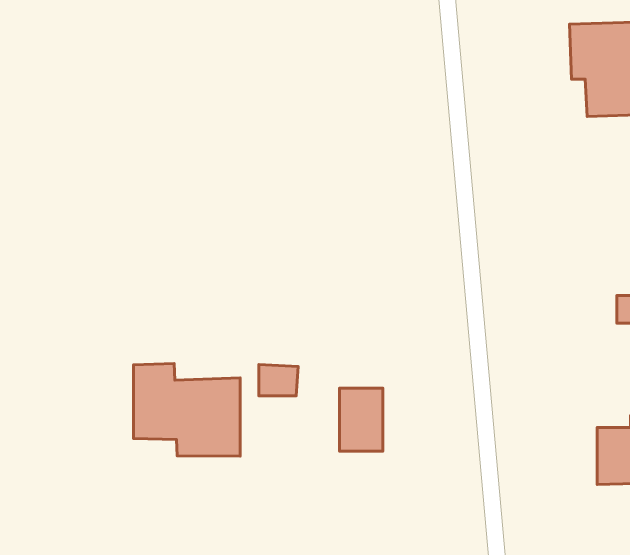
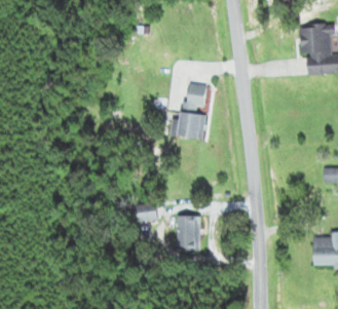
building: none -> [172,83,206,140]
building: [134,363,240,456] -> none

